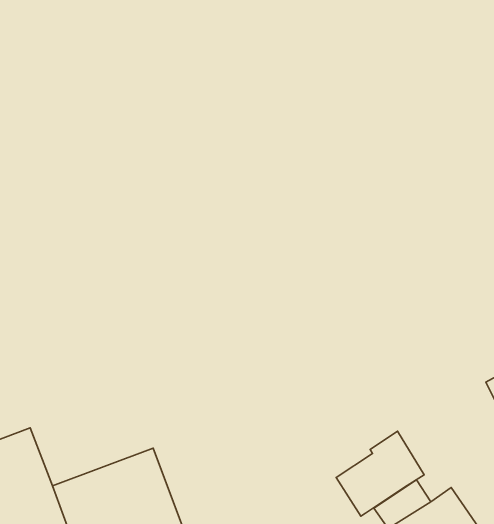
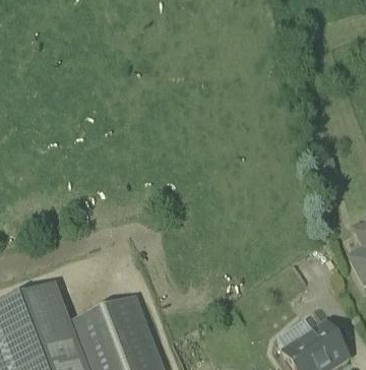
building: [336,431,424,516] -> none

